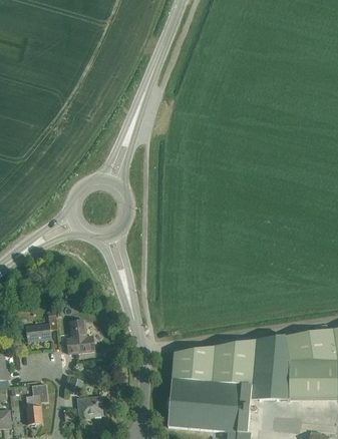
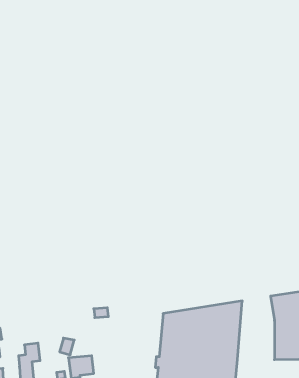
building: [25,315,57,342] -> none
building: [66,320,93,353] -> none
building: [250,335,288,400] -> none

